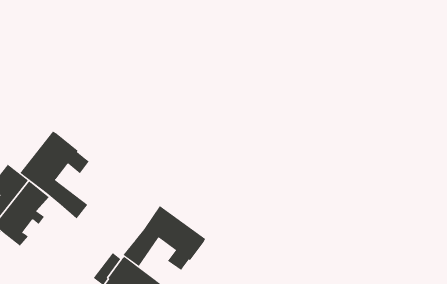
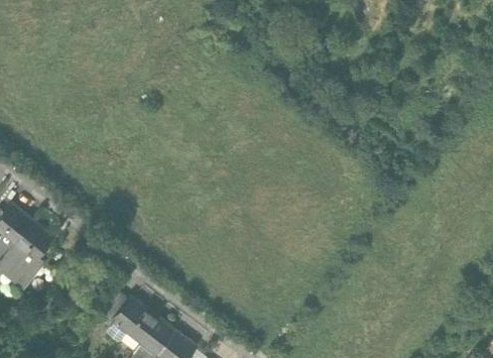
building: [20,131,90,220] -> none
building: [122,205,206,271] -> none

